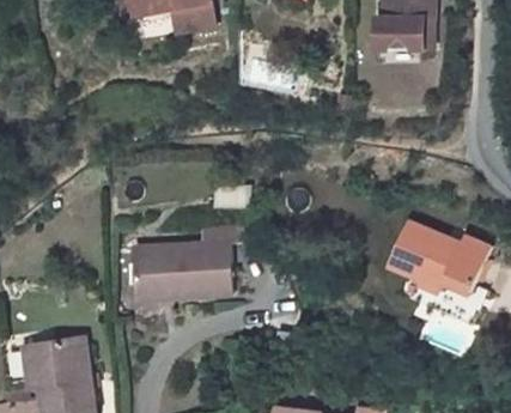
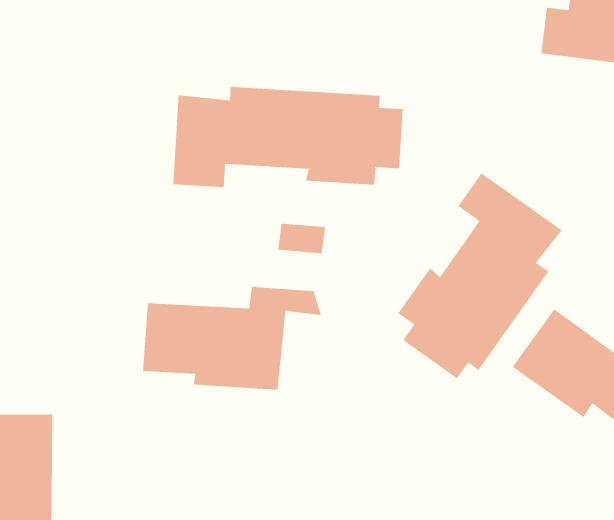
building: none -> [173,86,403,188]
building: none -> [398,172,563,379]

